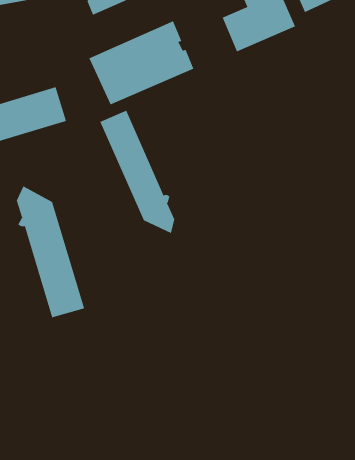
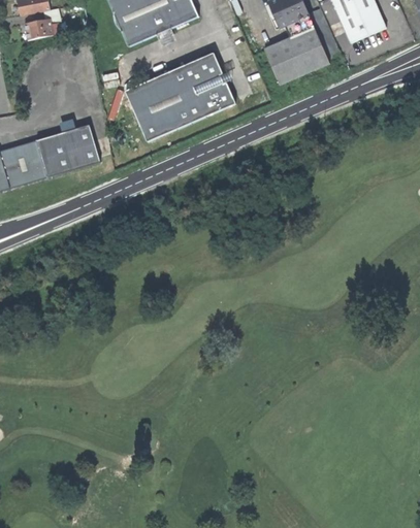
building: [100,110,175,234] -> none
building: [16,186,85,318] -> none

